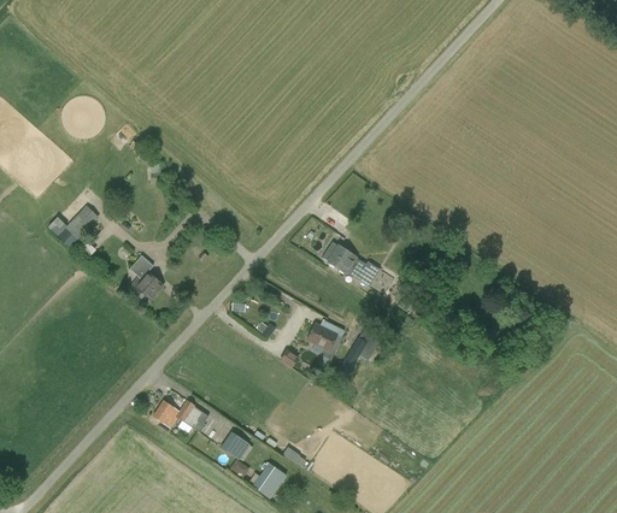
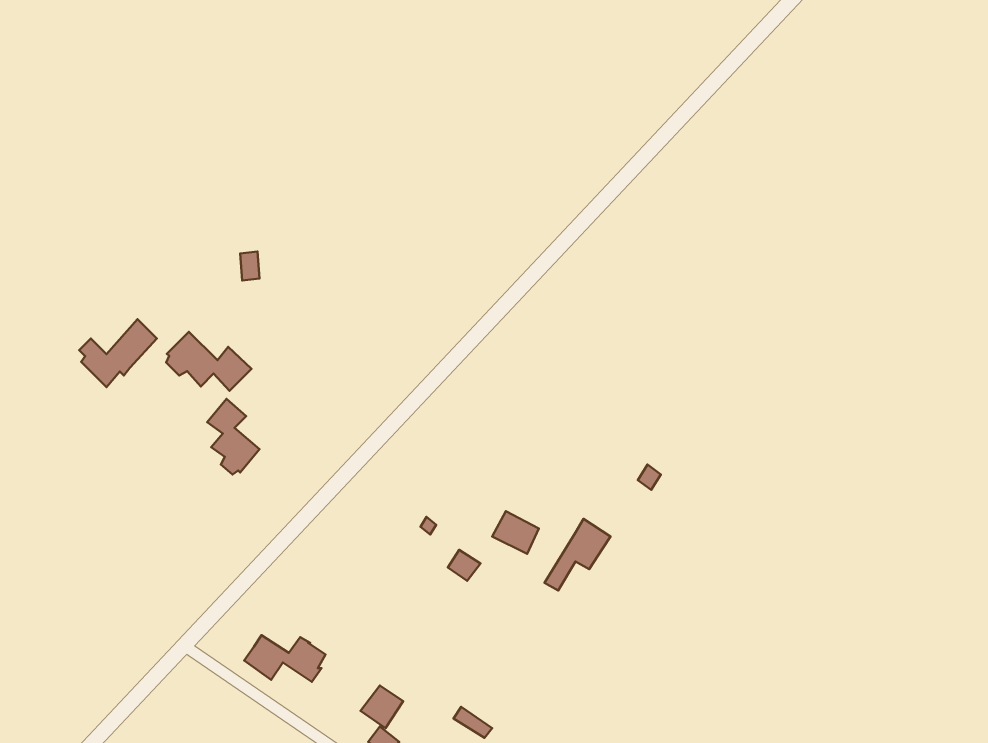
building: none -> [166,332,252,391]
building: [322,242,381,287] -> none

